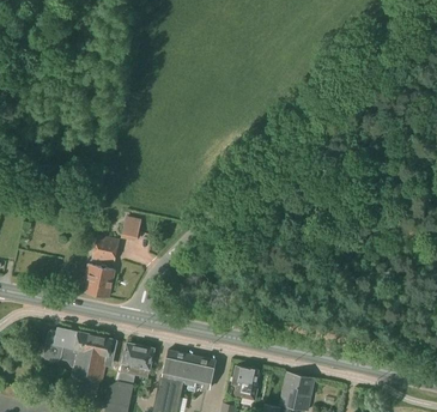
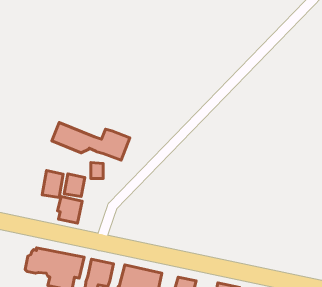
building: none -> [52,122,130,160]
building: none -> [42,171,63,197]

